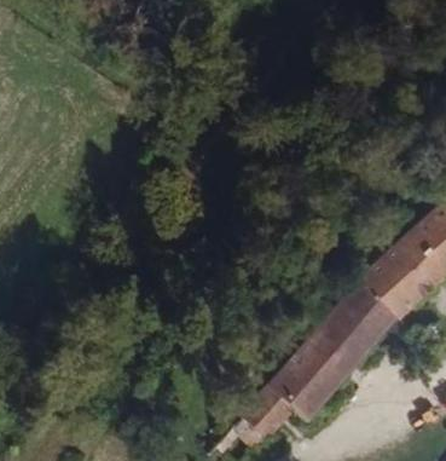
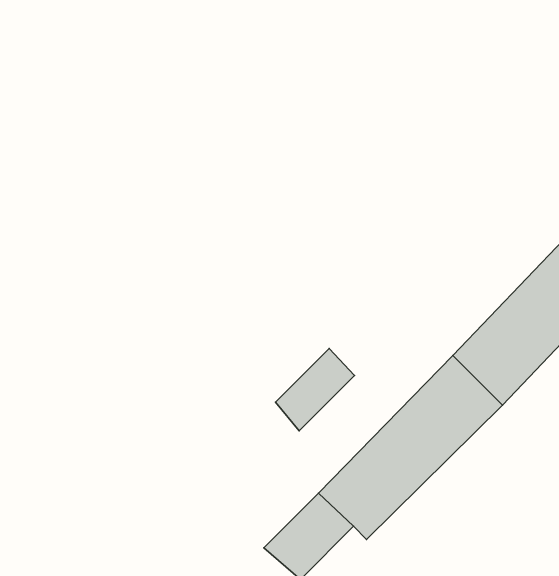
building: none -> [275,348,354,431]

